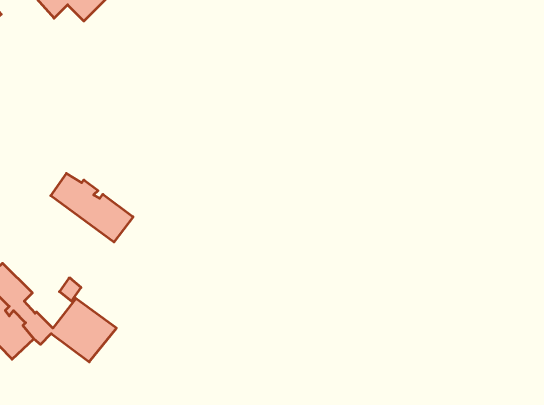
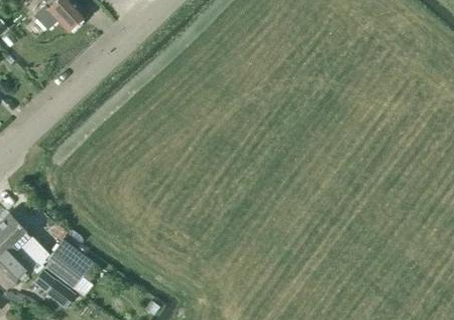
building: [51,173,133,242] -> none
building: none -> [32,269,76,308]

